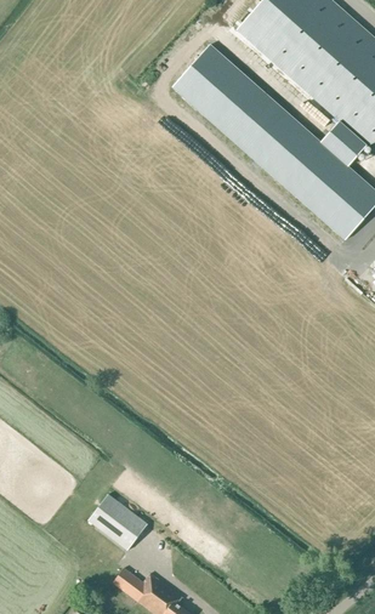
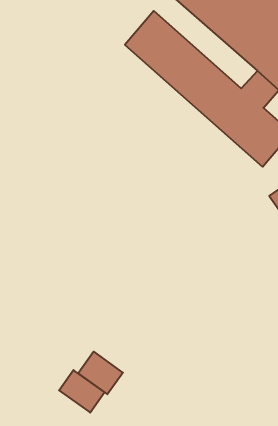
building: none -> [78,352,123,394]

